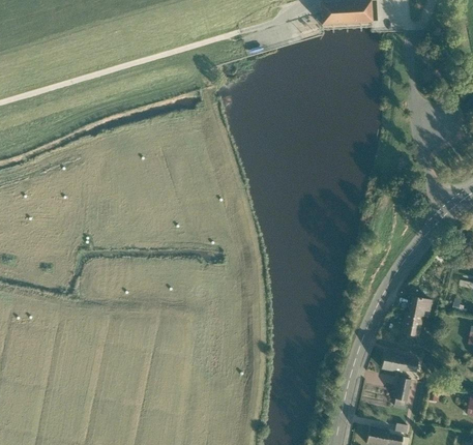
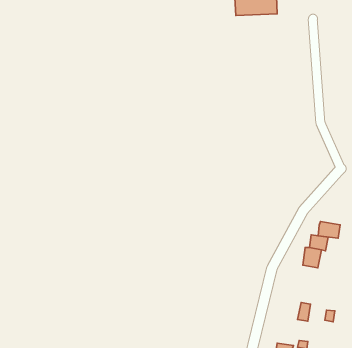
building: none -> [318,222,340,238]
building: [382,353,419,374] -> none

